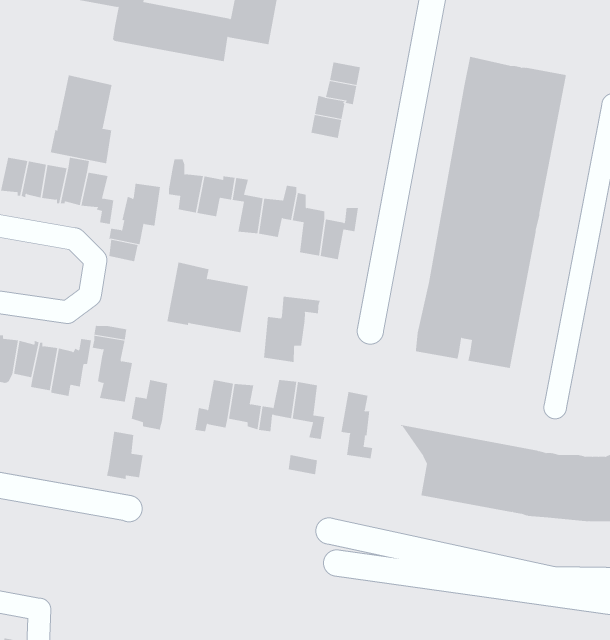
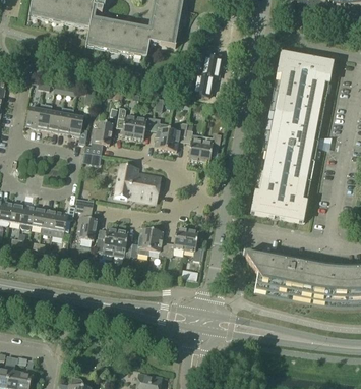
building: [50,74,112,164] -> none
building: [263,296,321,363] -> none
building: [341,391,373,459] -> none
building: [106,431,143,480] -> [113,229,133,256]

